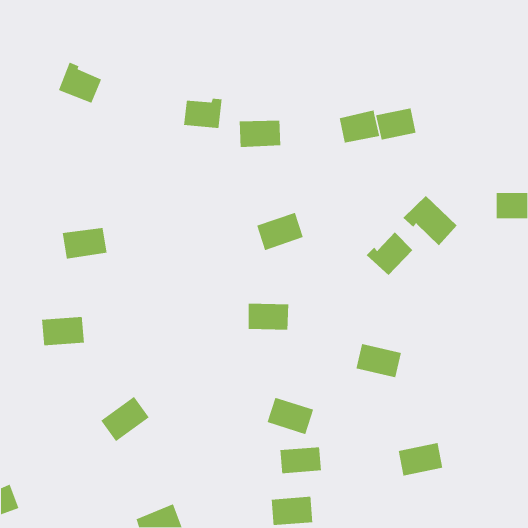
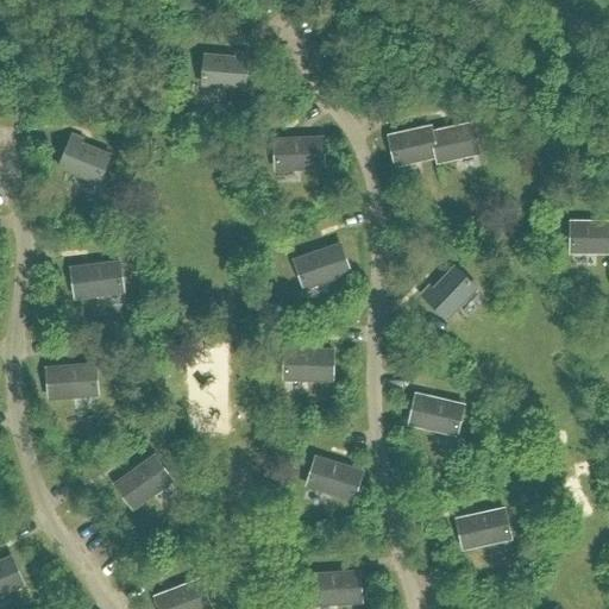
building: [58,62,102,104] -> [59,134,111,183]
building: [183,98,222,129] -> [202,52,247,88]
building: [403,195,458,246] -> none
building: [279,446,322,474] -> none

